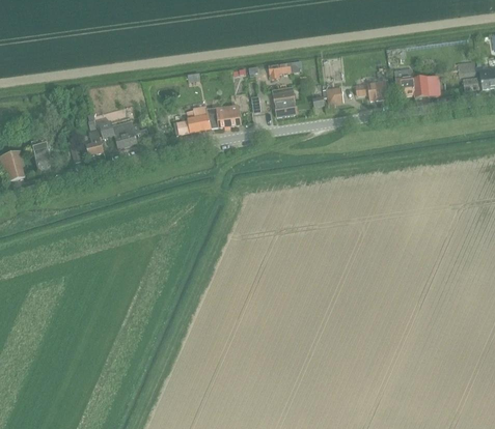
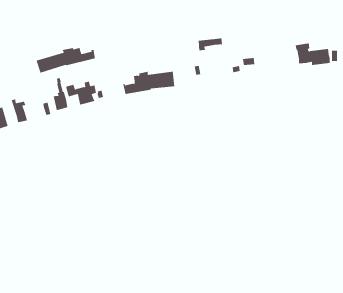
building: none -> [36,47,96,74]
building: [356,82,387,99] -> none
building: [275,91,297,116] -> none

